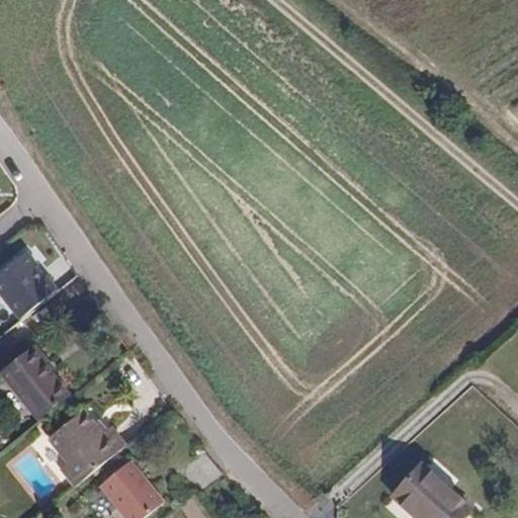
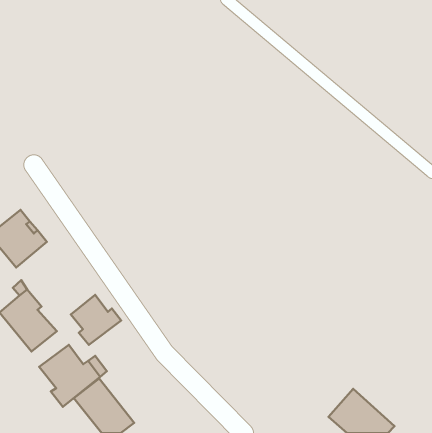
building: none -> [71,295,121,345]

